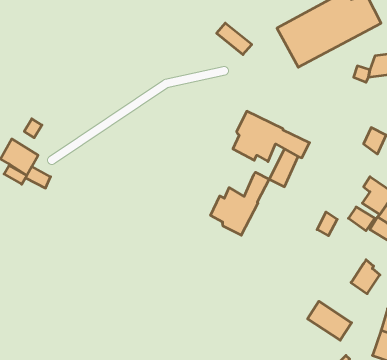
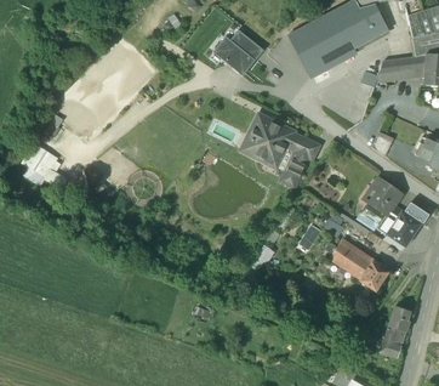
building: none -> [215,38,255,75]
building: [211,172,269,235] -> none
building: [308,301,352,340] -> [329,242,371,279]

